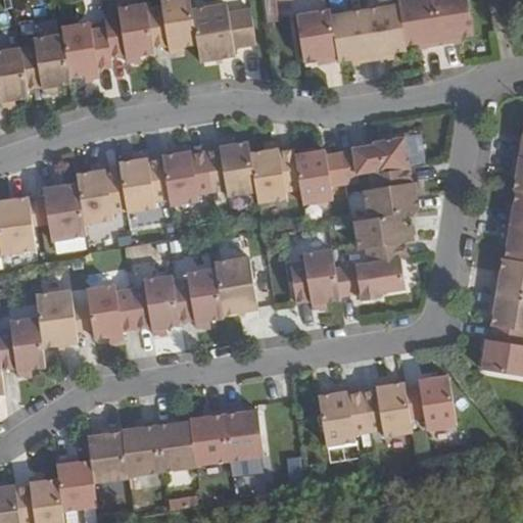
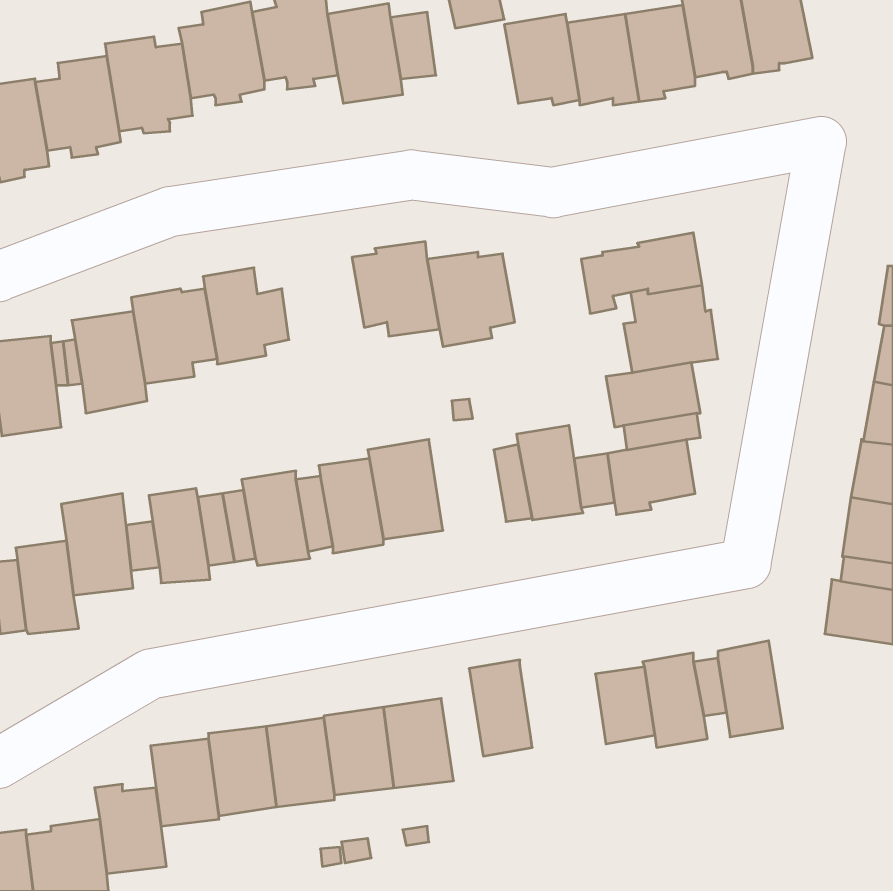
building: [295,148,344,204] -> none
building: [161,150,212,205] -> none
building: [318,390,354,446] -> [469,660,532,756]

